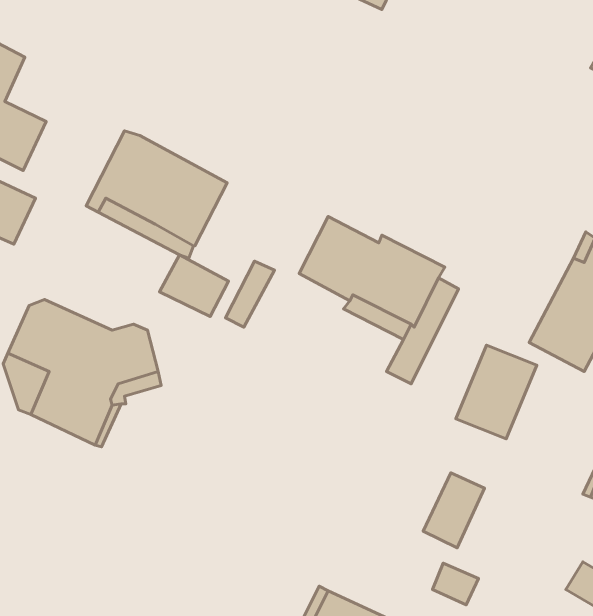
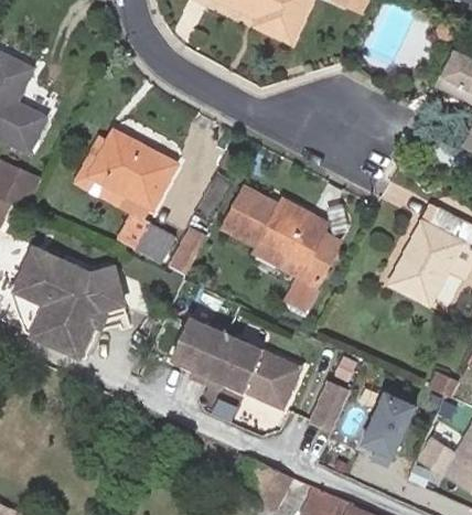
building: [456,345,537,439] -> [355,385,414,452]
building: none -> [168,319,297,407]

